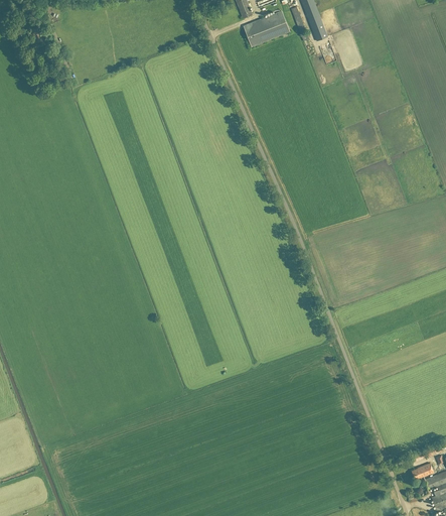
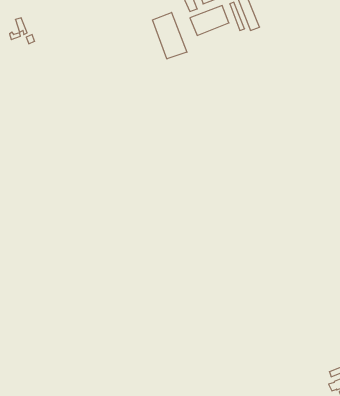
building: none -> [152,12,187,59]

